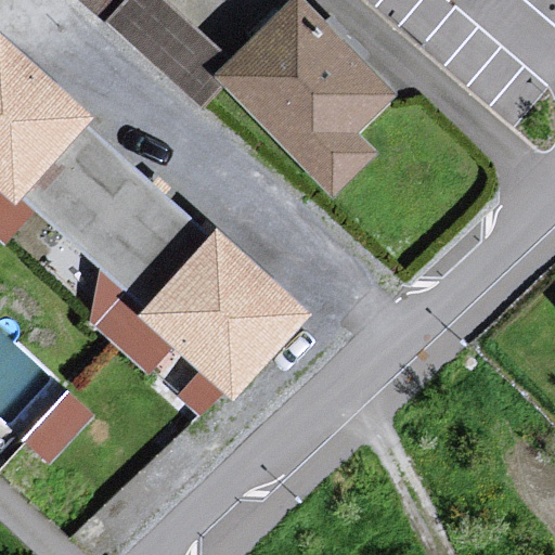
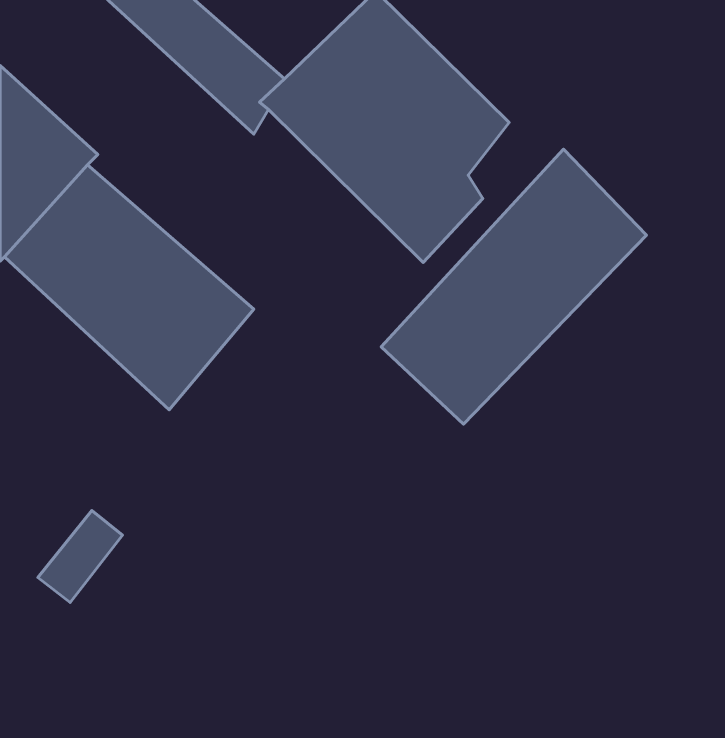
building: none -> [381,149,647,424]
building: [134,222,305,399] -> none

